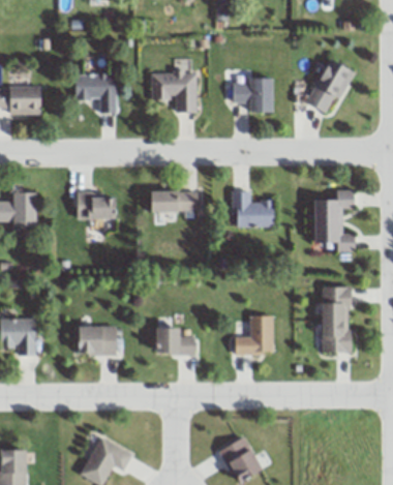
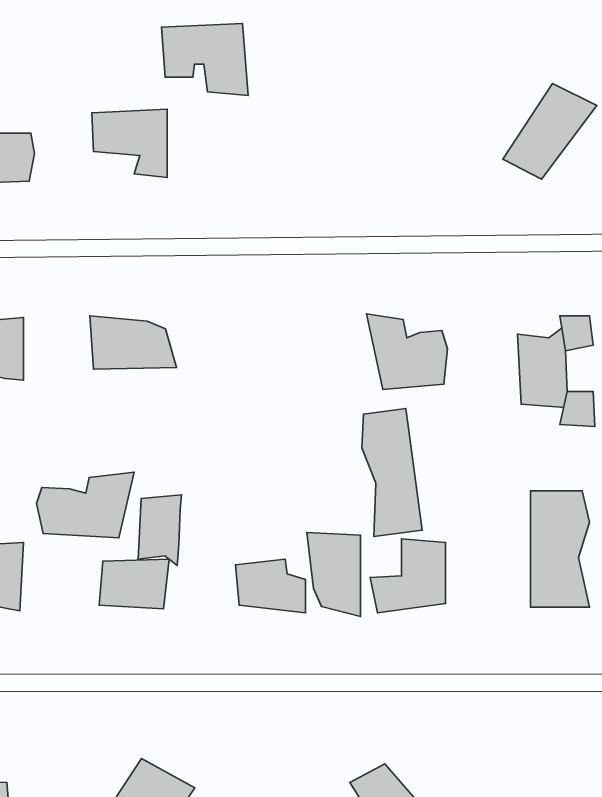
building: [150,71,199,112] -> [161,24,248,96]
building: [229,75,274,113] -> none
building: [150,188,201,213] -> none
building: none -> [362,408,422,537]
building: none -> [36,472,134,538]
building: none -> [138,495,182,565]
building: none -> [307,533,360,617]

